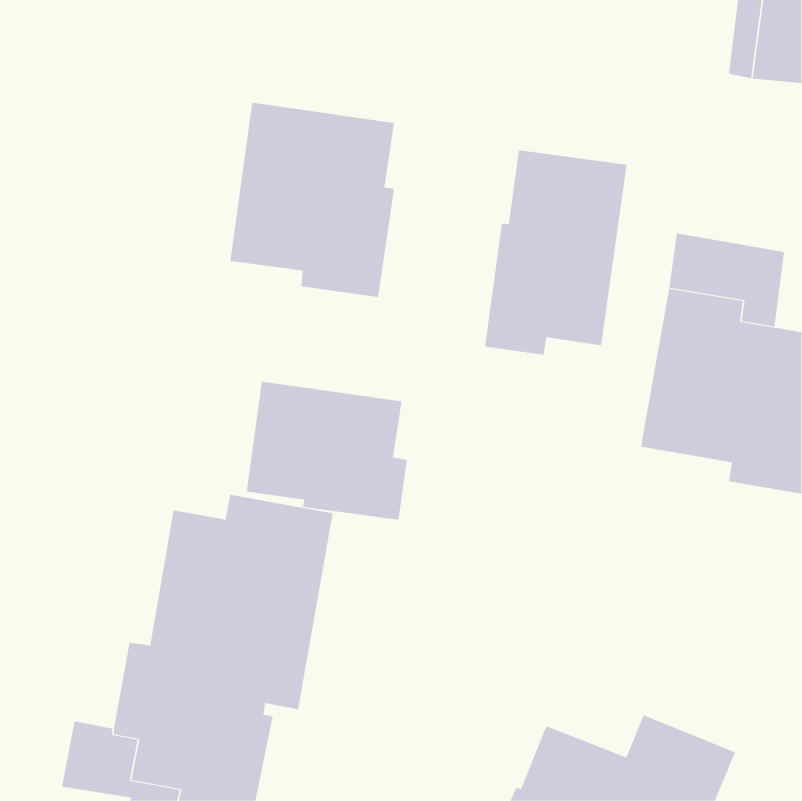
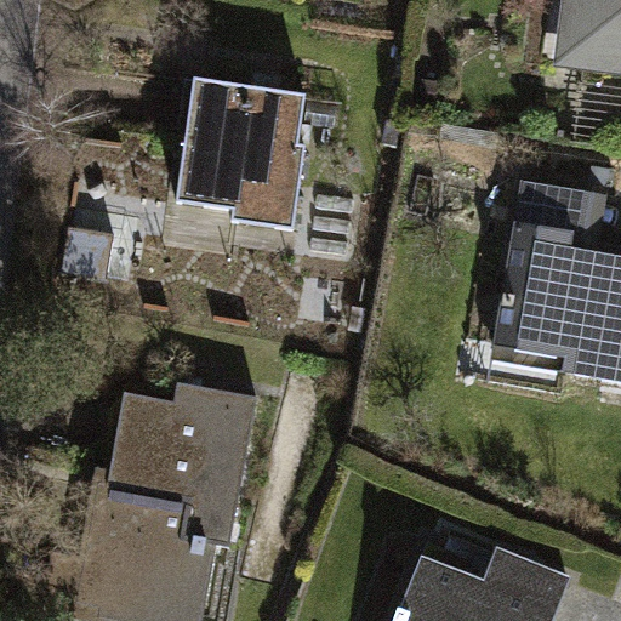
building: [484,149,627,356] -> none
building: [246,381,407,520] -> none

